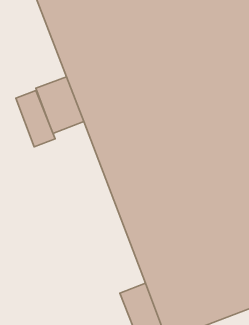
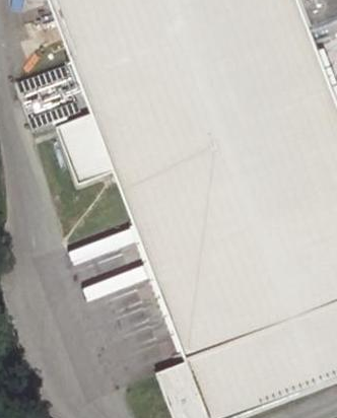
building: [16,90,55,147] -> none

